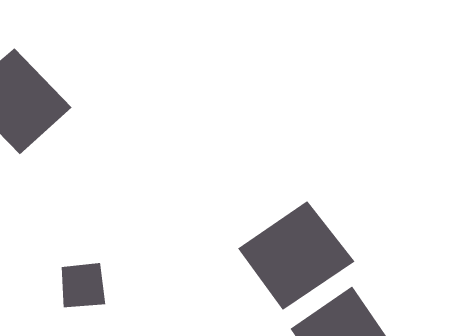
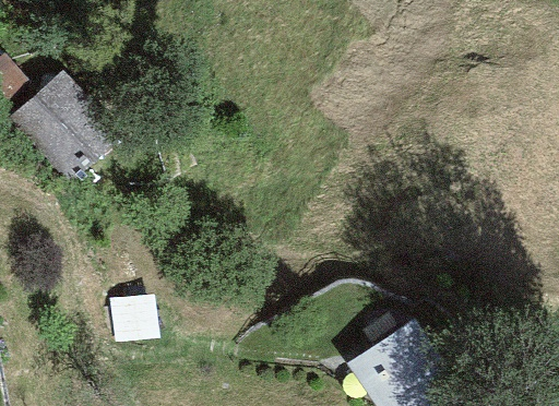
building: [237,200,355,311] -> none

